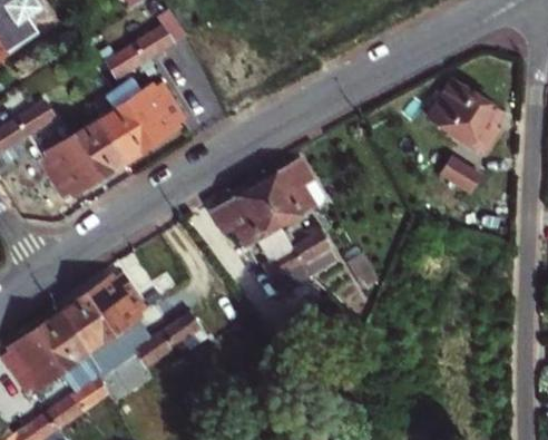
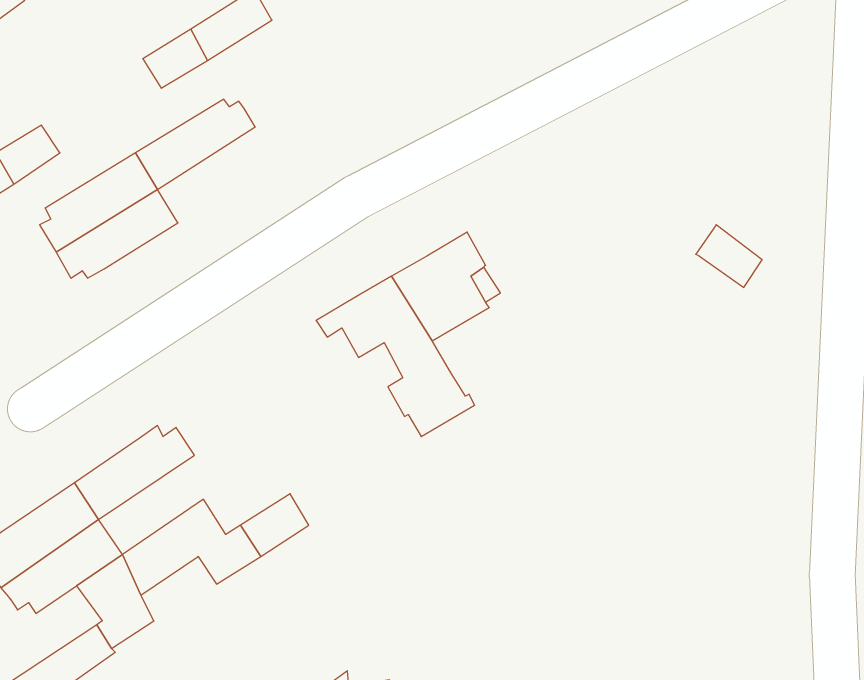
building: [431,84,501,155] -> none
building: [114,98,182,156] -> none
building: [291,229,334,273] -> none
building: [78,296,146,356] -> none

